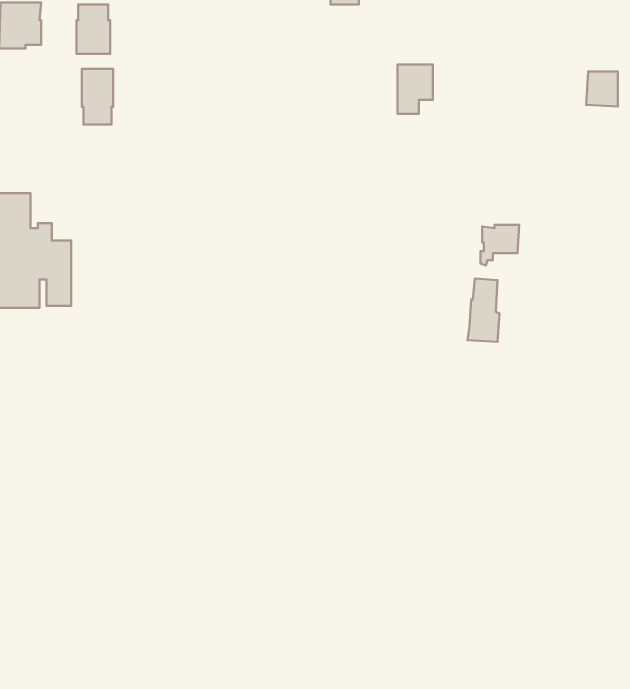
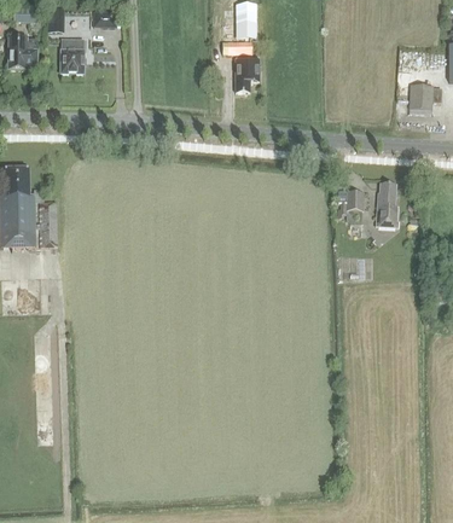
building: [398,65,433,114] -> [233,57,257,91]
building: [82,69,113,125] -> none
building: [468,278,499,342] -> [373,182,395,226]

